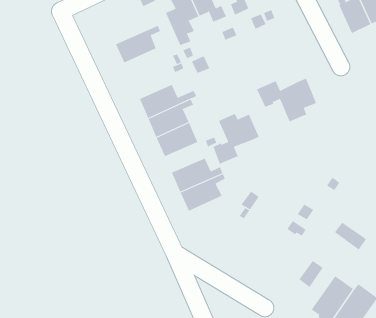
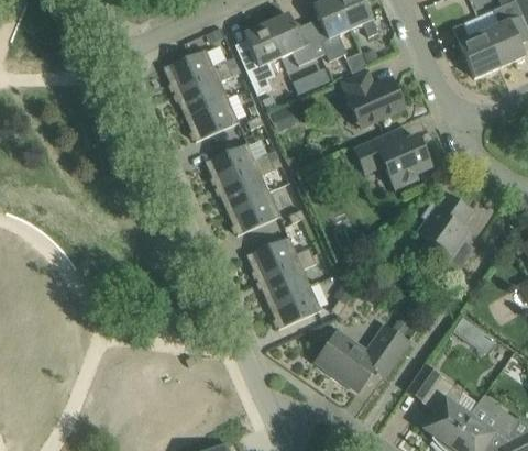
building: none -> [163,48,229,91]
building: none -> [341,70,405,126]
building: none -> [185,97,238,141]
building: [213,113,260,164] -> none
building: none -> [418,191,471,253]
building: none -> [267,284,321,328]
building: none -> [316,329,408,390]

